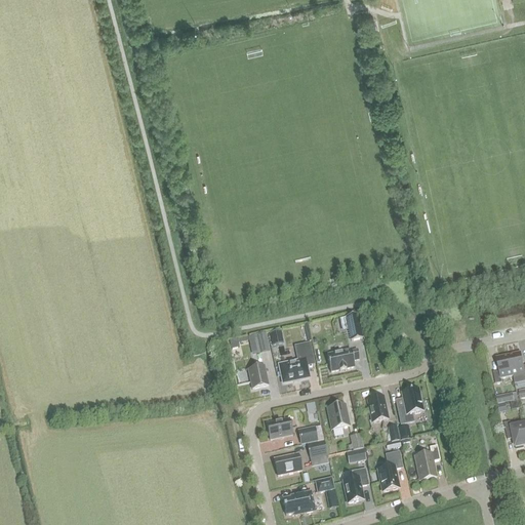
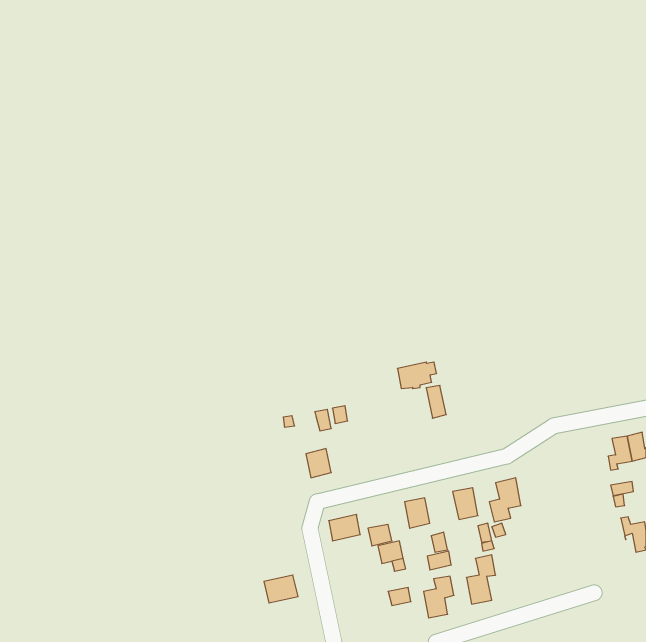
building: [280,341,313,380] -> none
building: [327,349,359,370] -> [397,362,437,389]
building: [414,444,440,479] -> none
building: [274,452,301,475] -> [264,575,298,603]
building: [282,490,315,514] -> none

